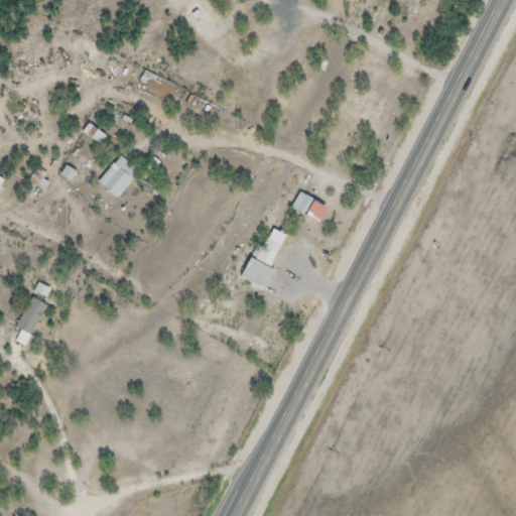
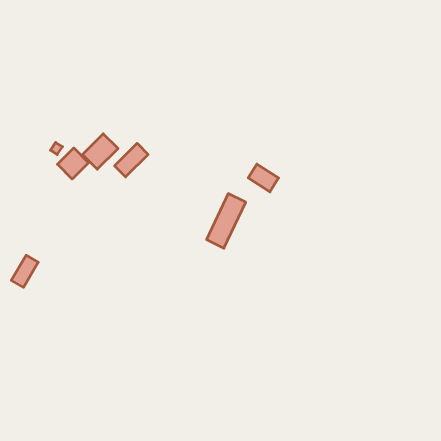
building: none -> [115,143,148,177]
building: none -> [57,148,88,179]

